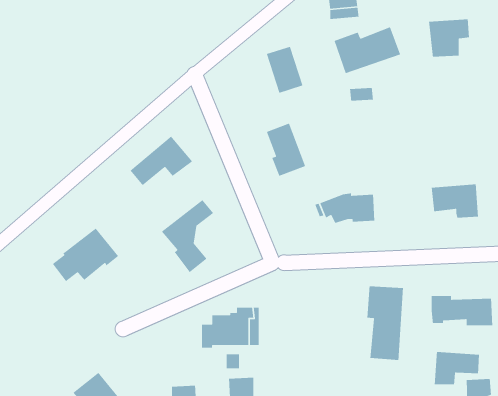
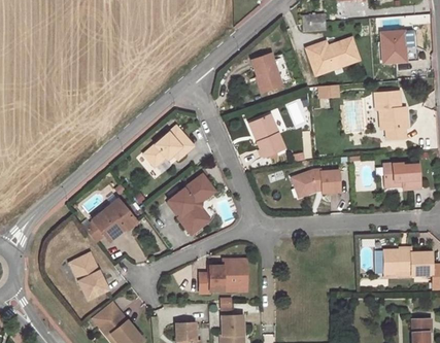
building: none -> [375,91,407,140]
building: [366,285,404,361] -> none
building: none -> [72,252,107,299]
building: [434,351,480,385] -> none

